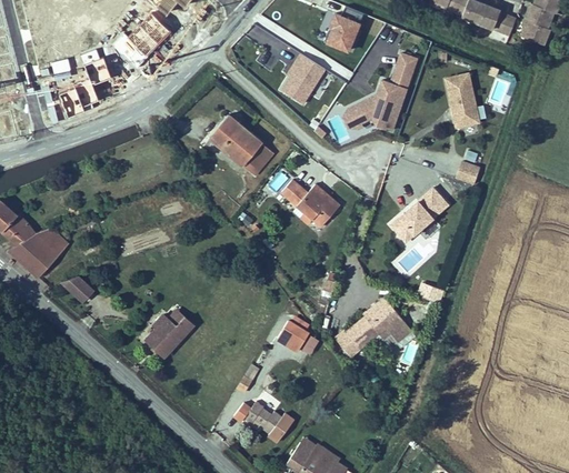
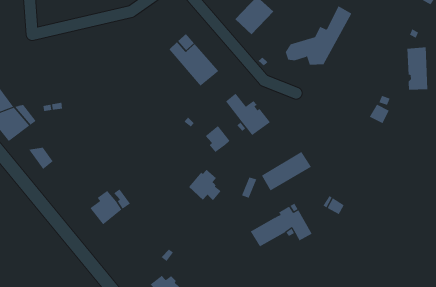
building: [448,72,481,127] -> [406,47,428,90]
building: [392,189,450,242] -> [261,151,312,191]
building: none -> [205,125,230,153]
building: [277,316,317,354] -> [188,169,221,201]

